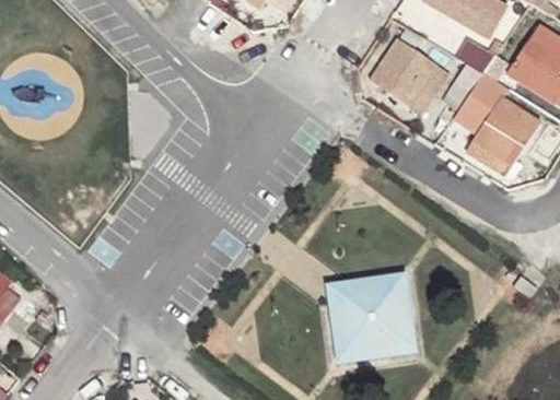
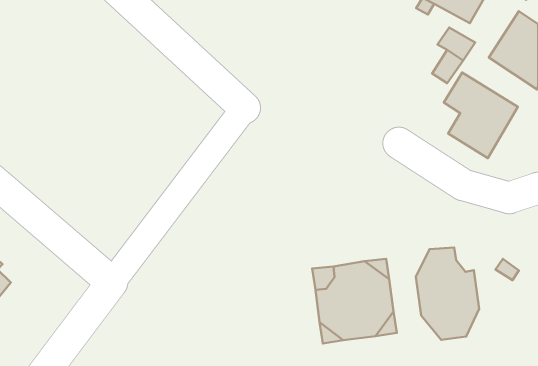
building: [369,38,446,114] -> none
building: none -> [416,247,479,340]

